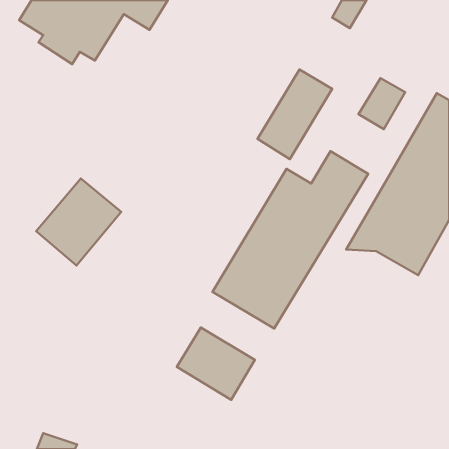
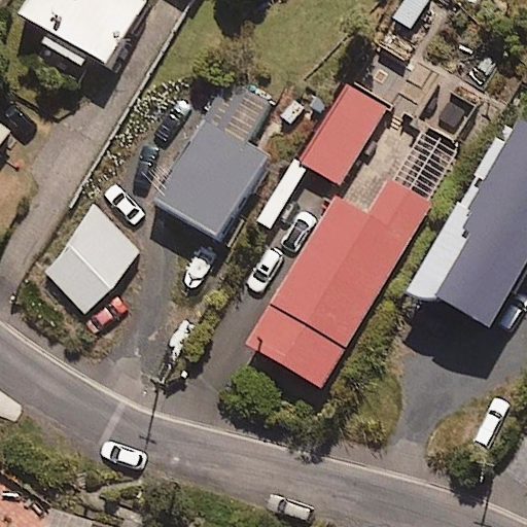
building: none -> [155,79,273,238]
building: [177,328,255,400] -> none

